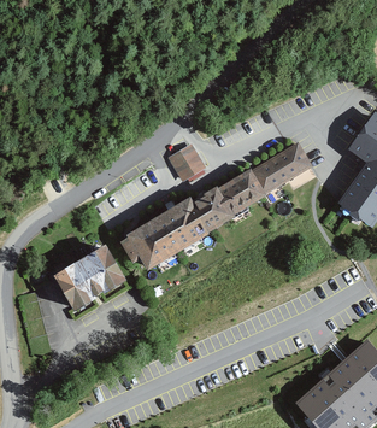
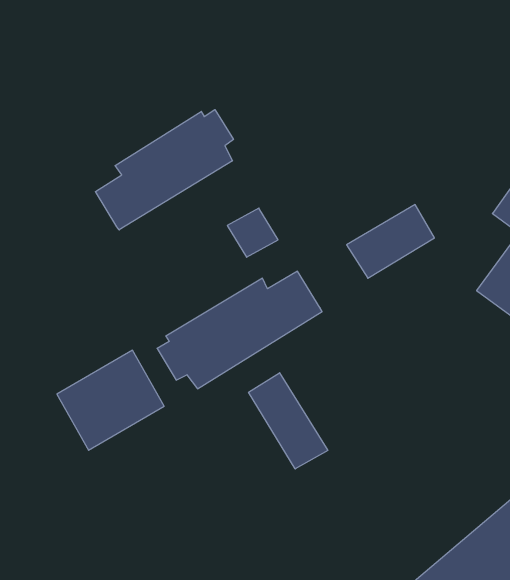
building: none -> [95,110,233,230]
building: [217,169,266,213] -> none
building: none -> [249,373,328,469]

